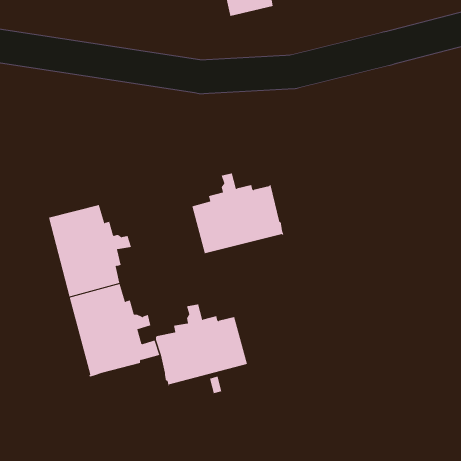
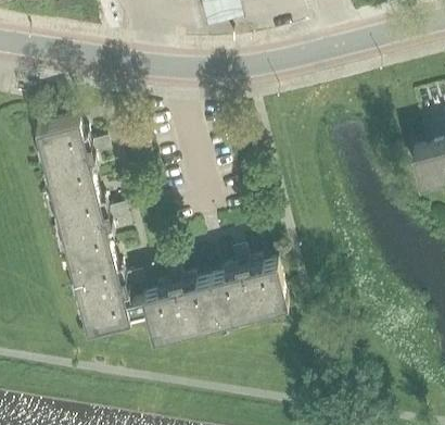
building: none -> [34,120,104,198]
building: [191,173,284,254] -> [208,253,287,322]

